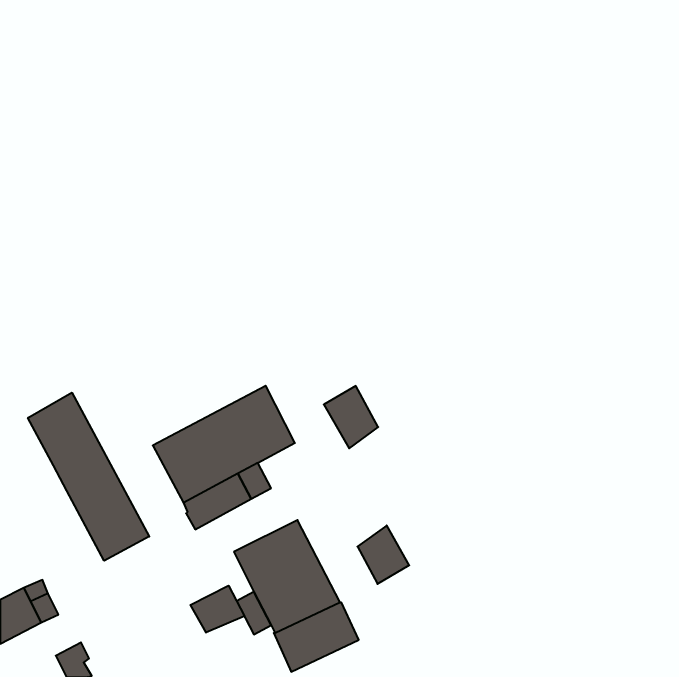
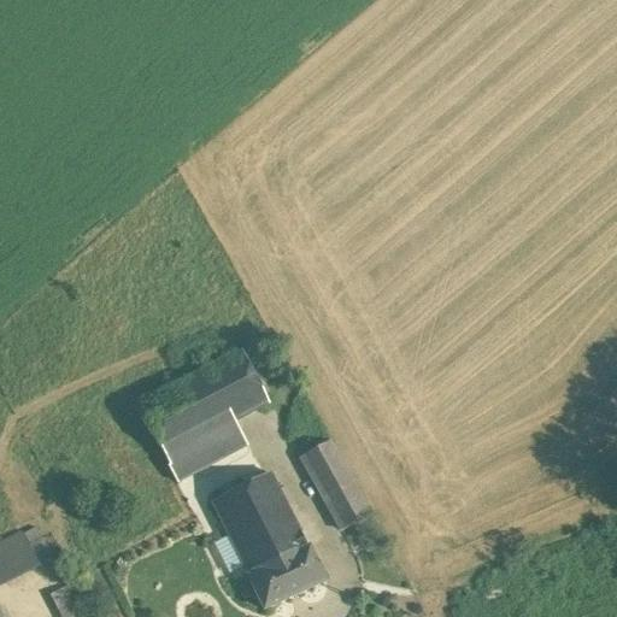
building: [324,386,378,448] -> [301,439,351,495]
building: [28,393,149,561] -> none
building: [190,586,244,633] -> none

